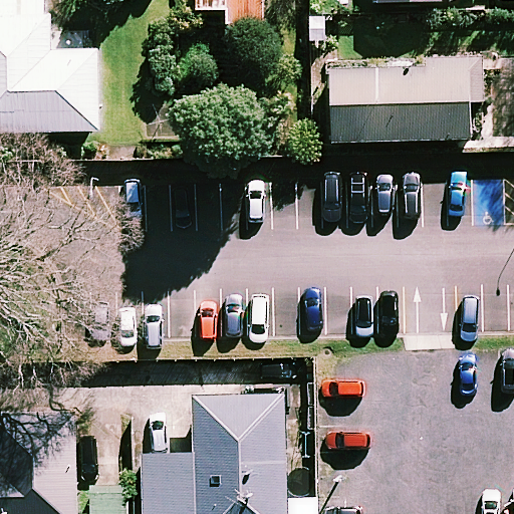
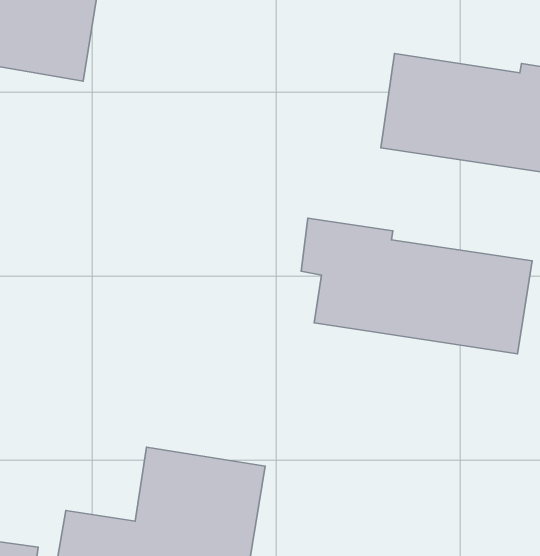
building: none -> [301,218,532,354]

